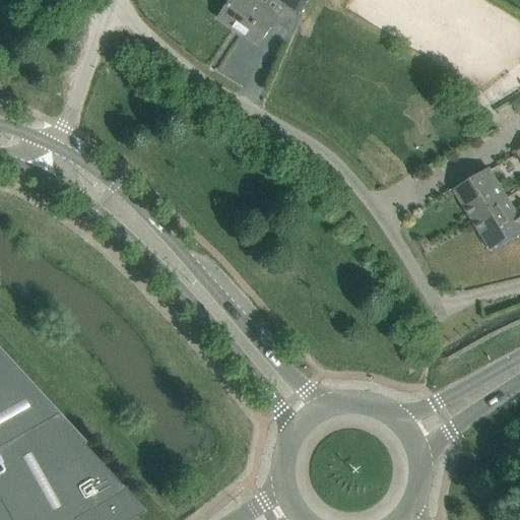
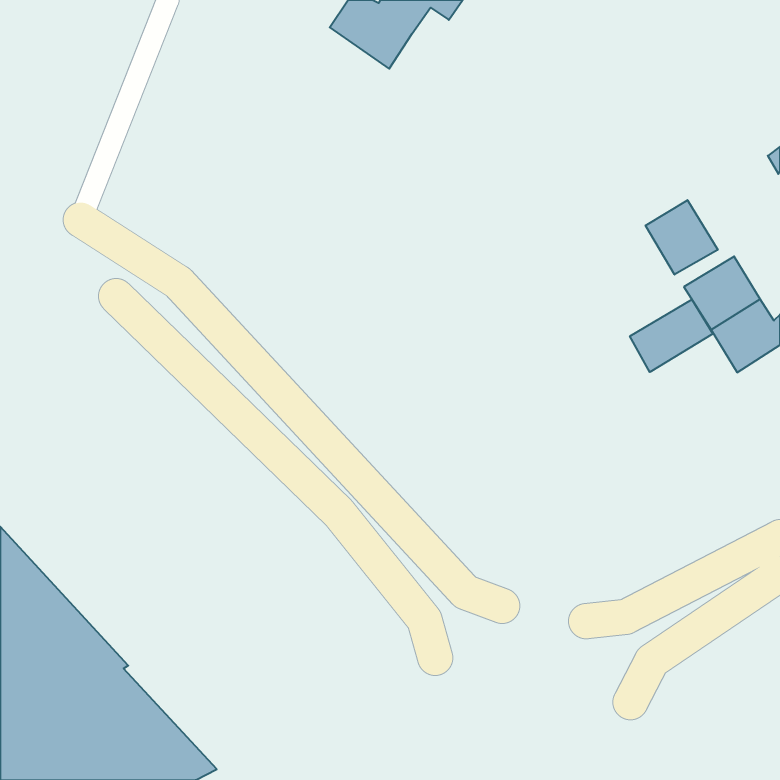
building: none -> [646,200,718,275]
building: none -> [630,299,713,372]

